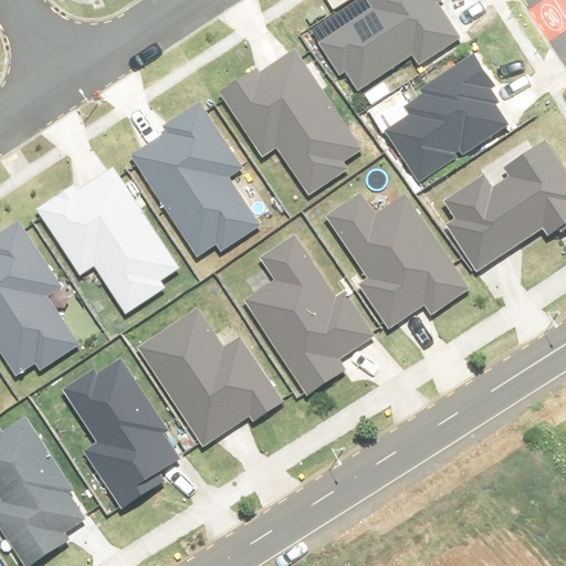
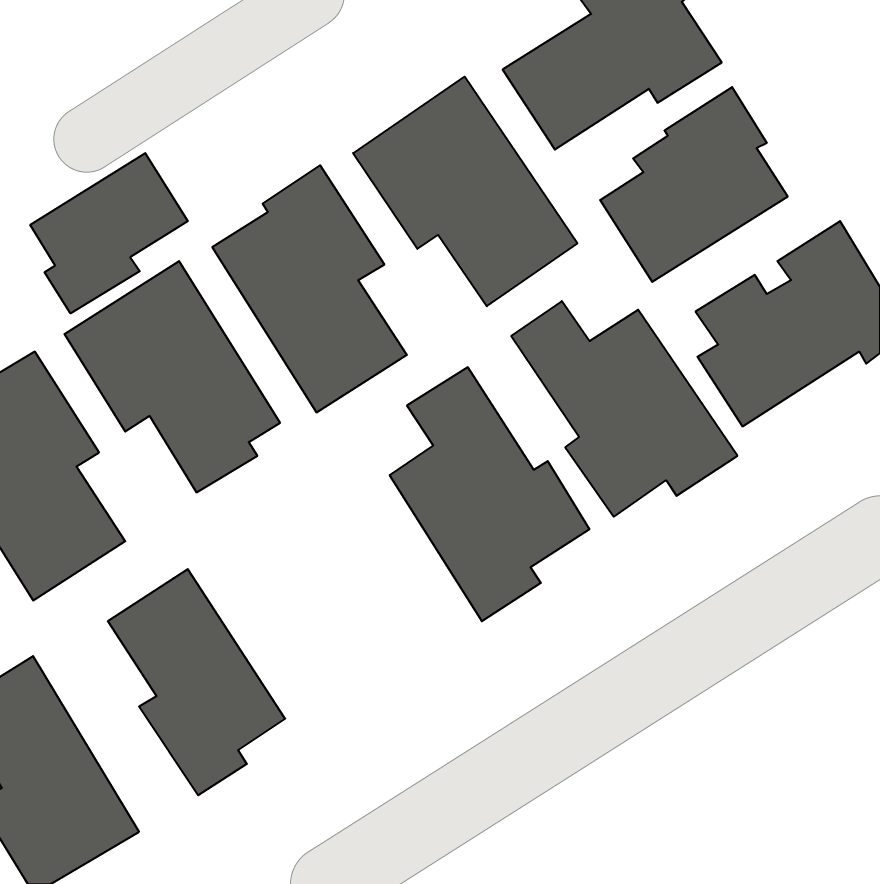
building: none -> [30,153,188,313]
building: [134,310,276,442] -> none

